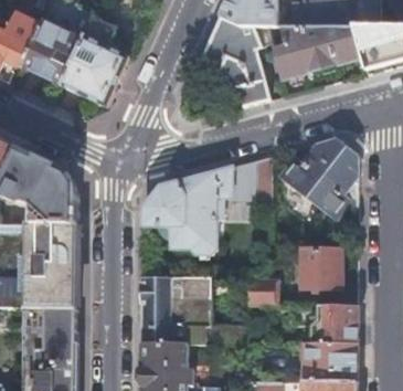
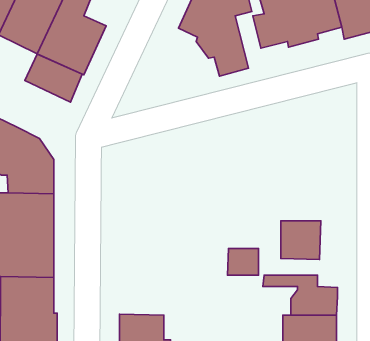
building: none -> [25,54,82,102]
building: [279,139,358,219] -> none
building: [141,156,272,254] -> none
building: [140,276,210,344] -> none

